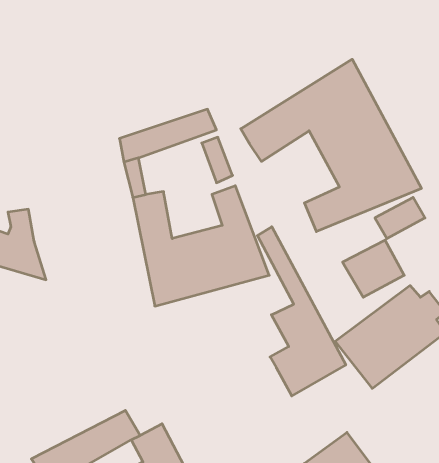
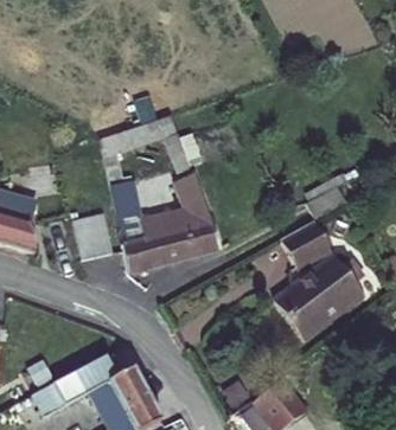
building: [241,59,421,232] -> none
building: [257,227,346,396] -> none
building: none -> [74,212,114,259]

